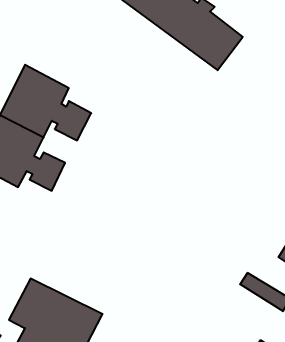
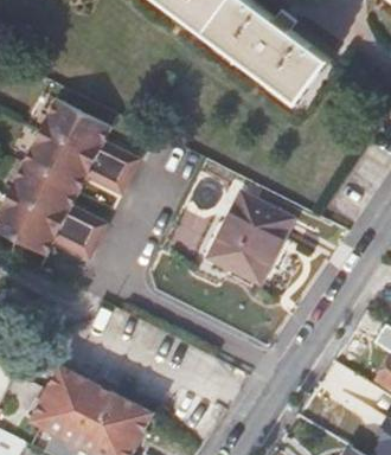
building: none -> [206,193,287,280]

